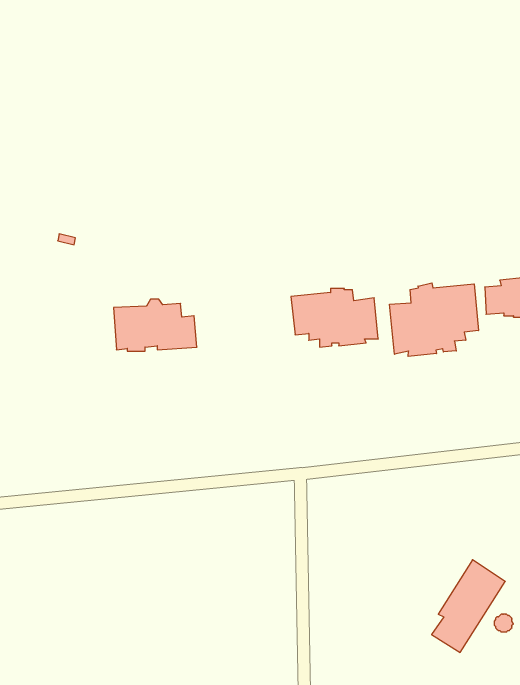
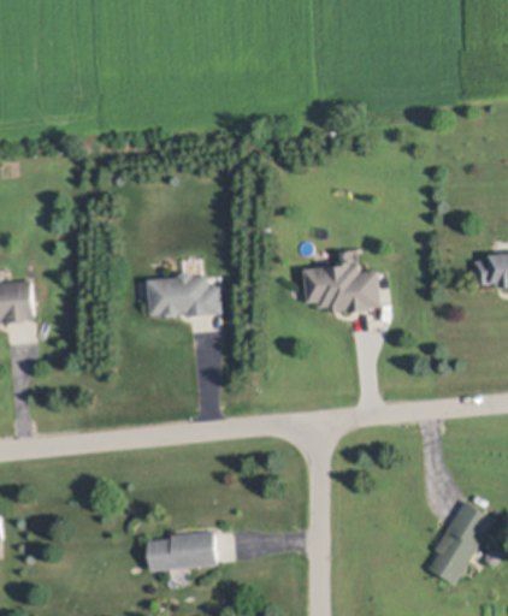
building: [390,283,478,356] -> none
building: none -> [146,532,215,571]

